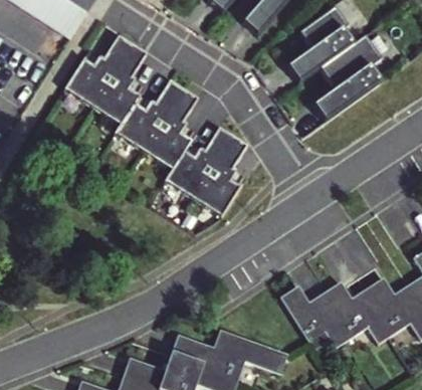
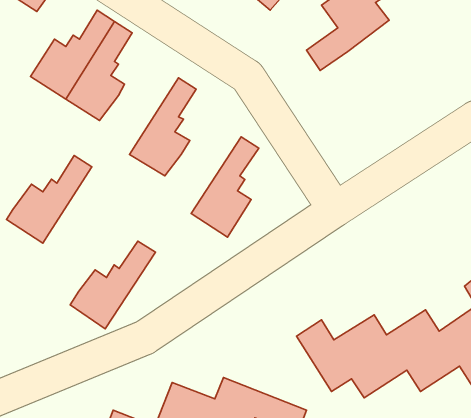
building: [313,35,382,123] -> none
building: [116,81,184,152] -> [7,155,92,243]
building: [166,129,234,199] -> [70,241,155,329]

